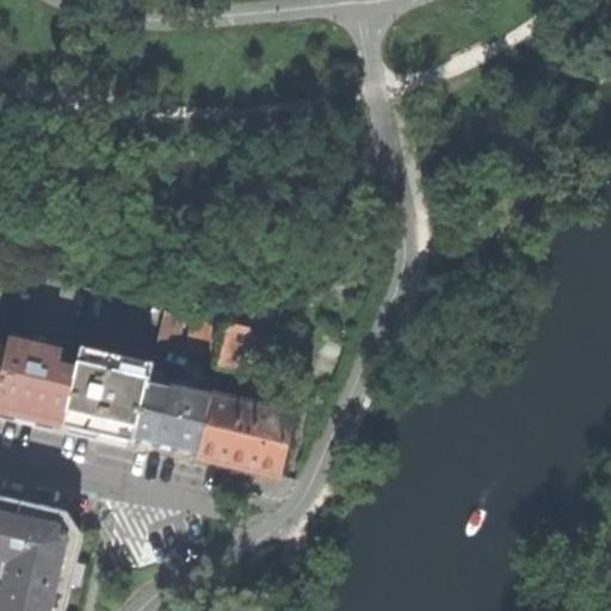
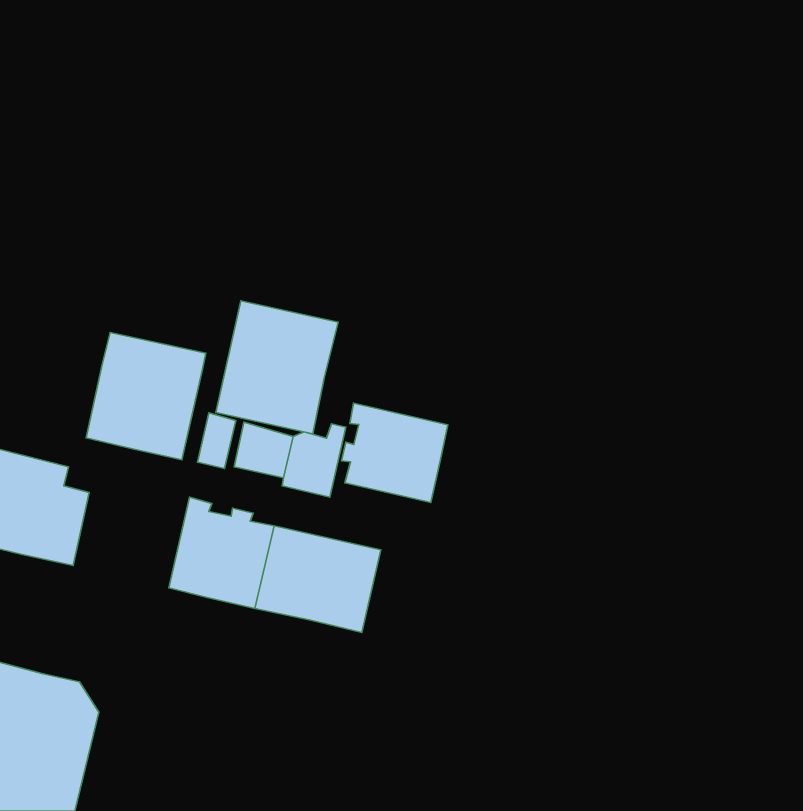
building: none -> [216,301,338,434]
building: none -> [341,403,448,502]
building: [55,345,144,440] -> [86,333,206,460]

